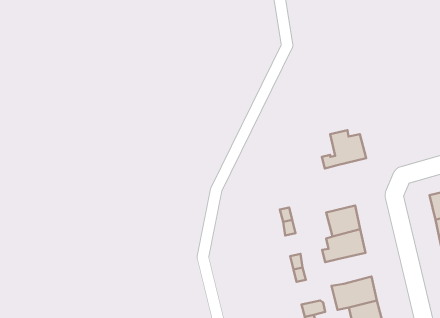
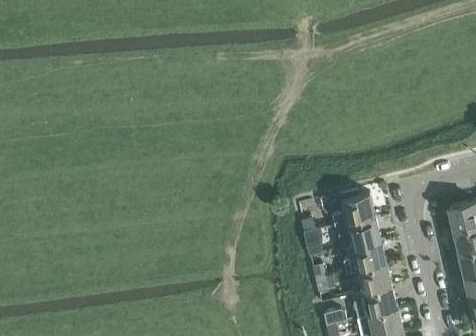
building: [322,130,366,168] -> [333,192,376,229]
building: none -> [359,266,392,296]

